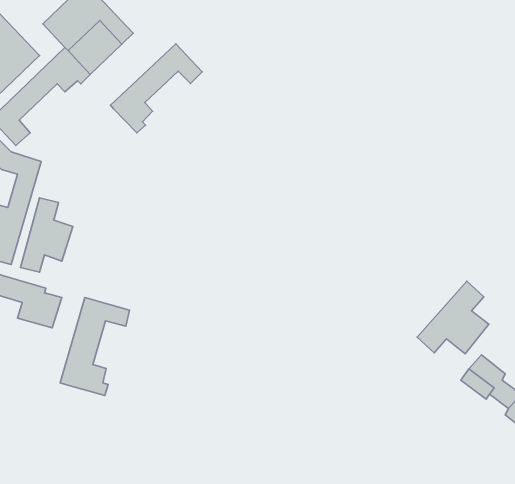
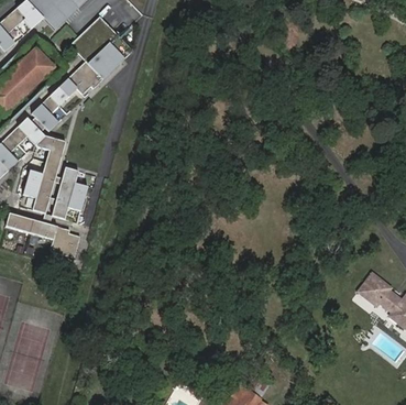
building: [110,44,202,133] -> none
building: [417,281,489,354] -> none
building: [60,297,130,395] -> none

